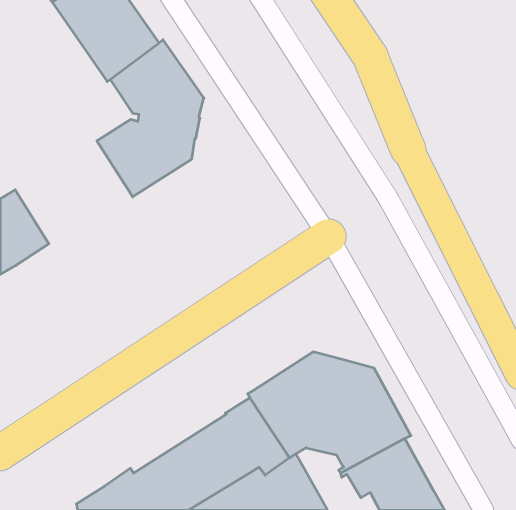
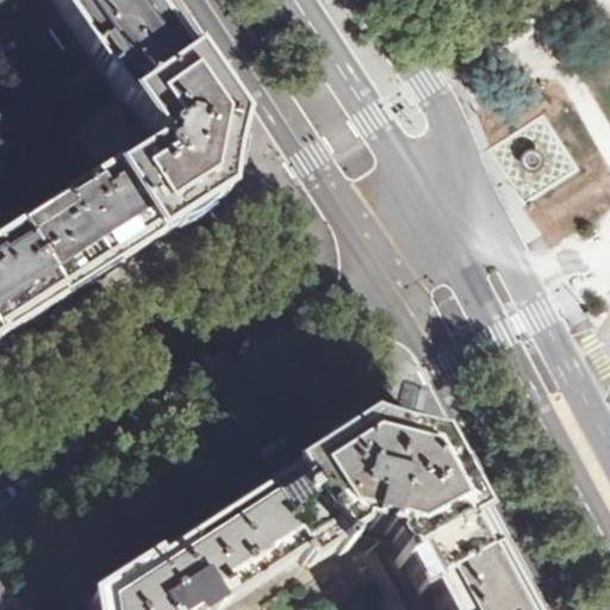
building: none -> [24,162,157,285]

